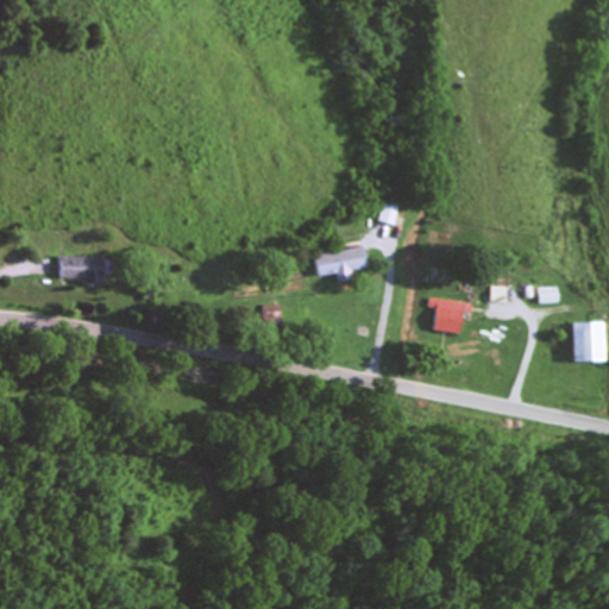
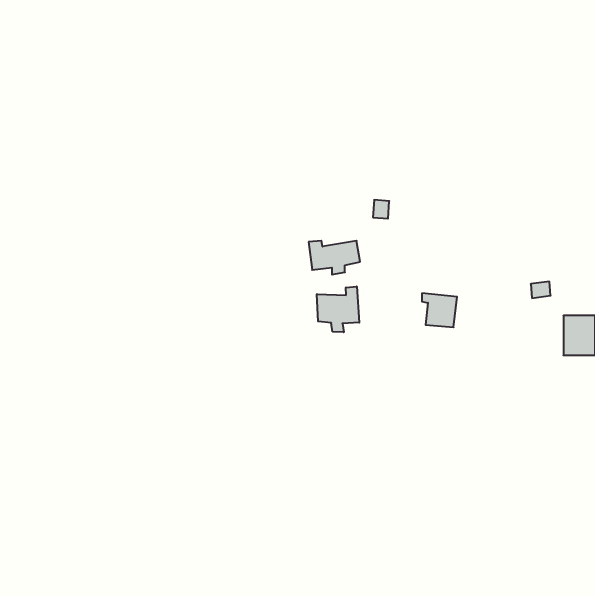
building: [61,256,109,283] -> none
building: none -> [317,286,359,332]

